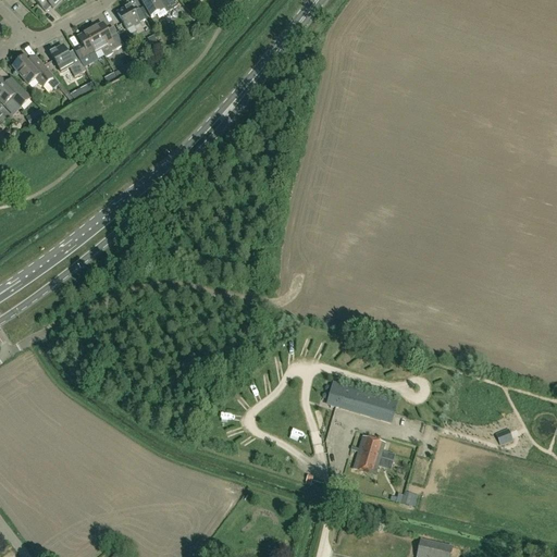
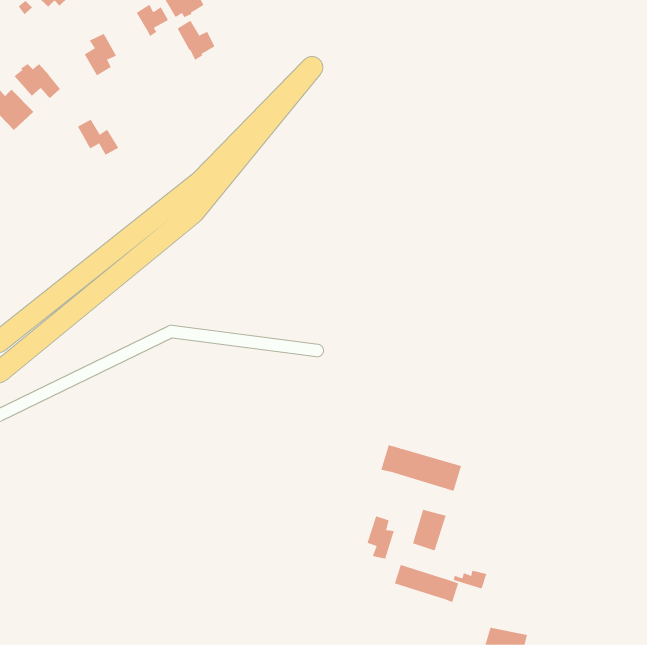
building: [89,21,122,55] -> [177,20,215,60]
building: [49,44,85,75] -> [77,119,119,156]
building: none -> [367,516,394,560]
building: none -> [394,564,459,603]

